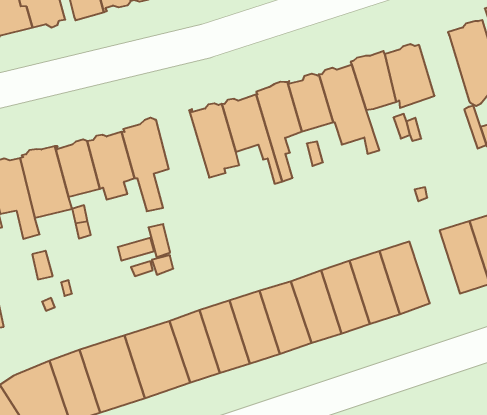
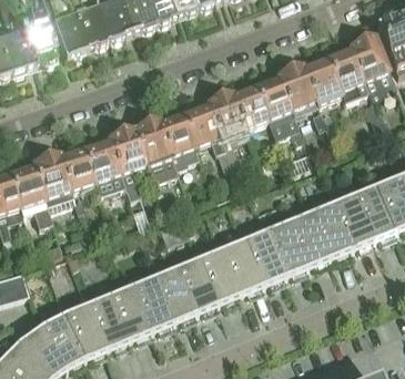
building: none -> [327,47,366,98]
building: none -> [132,117,179,180]
building: none -> [331,195,372,250]

